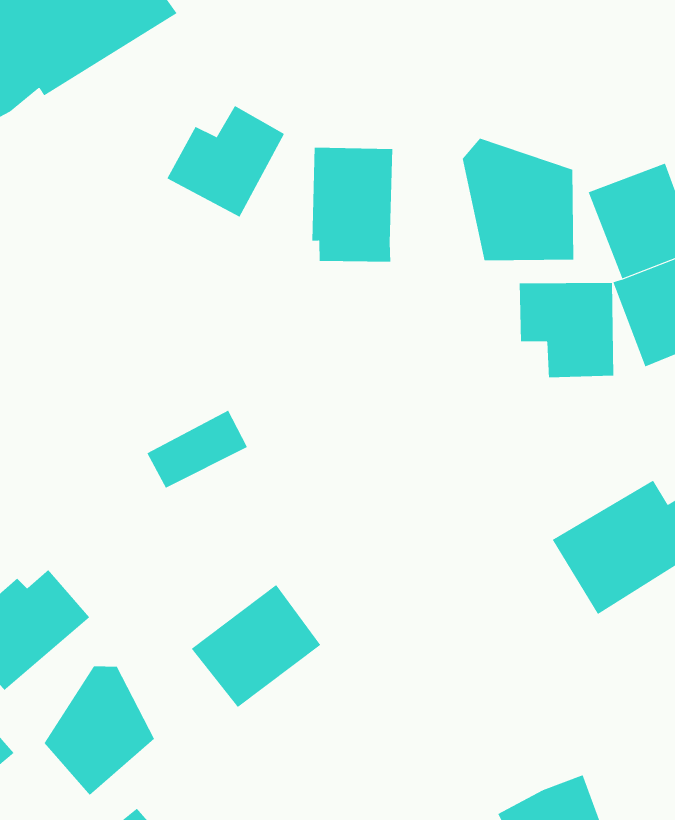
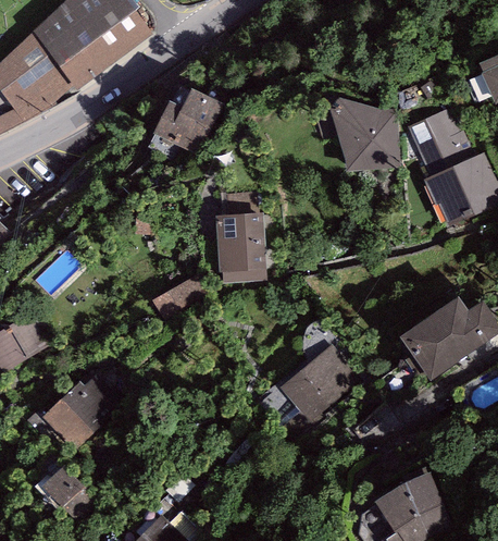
building: [311,147,393,262] -> [215,212,266,283]
building: [519,282,614,378] -> none
building: [191,584,321,708] -> [278,345,357,421]
building: [44,666,155,796] -> none

